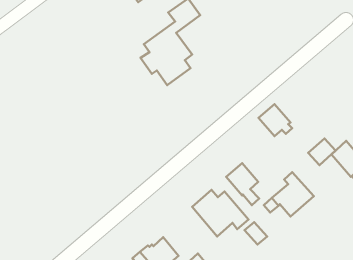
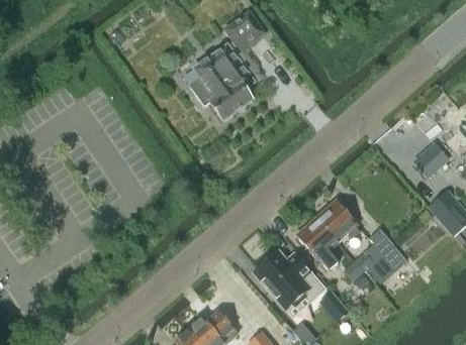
building: [258,104,292,136] -> [316,201,359,241]
building: [308,138,336,165] -> [412,144,447,178]

